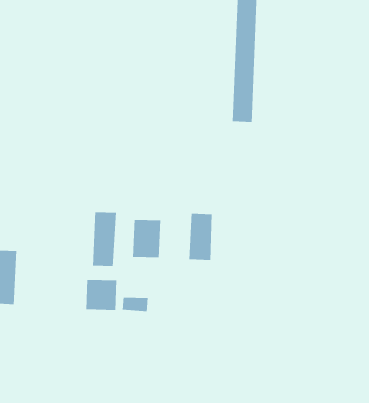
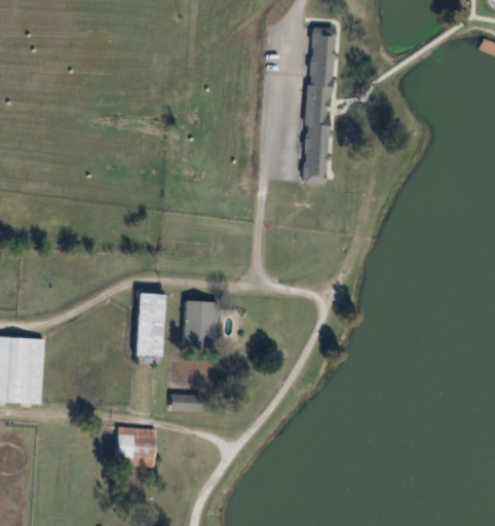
building: [189,213,212,261] -> none
building: [86,279,117,311] -> [118,426,156,464]

